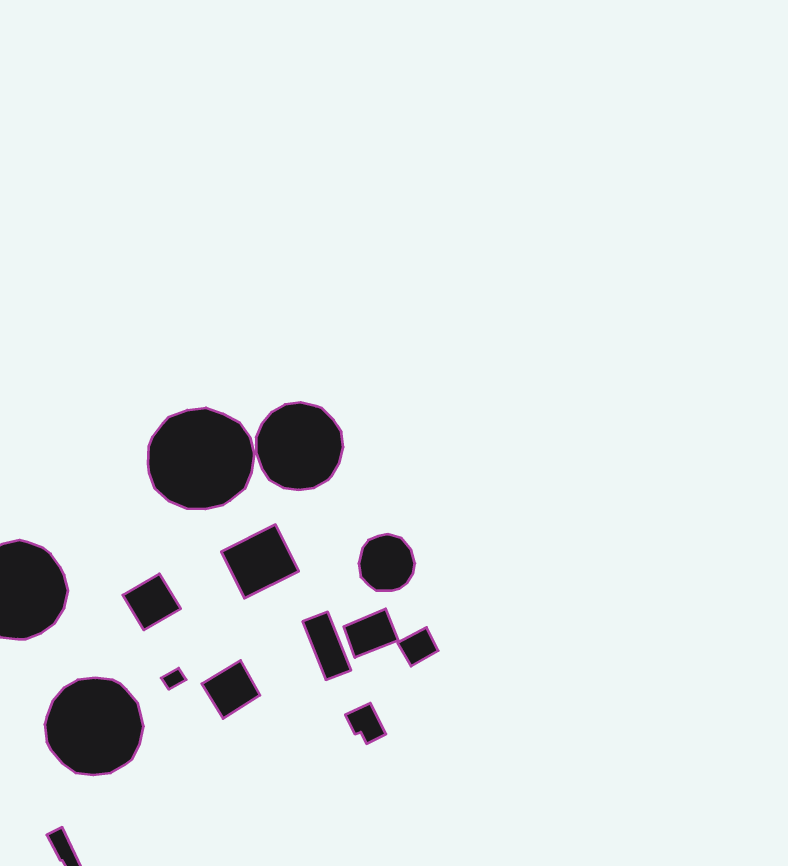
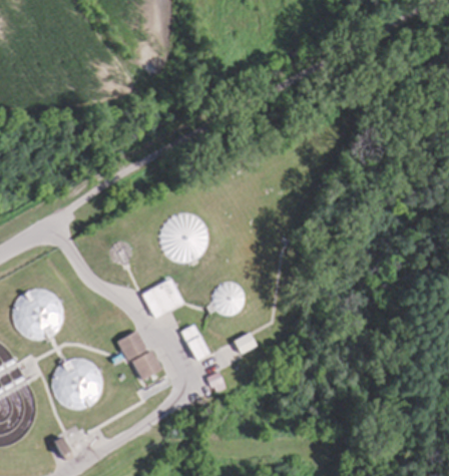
building: [148,408,254,509] -> none
building: [123,574,181,630] -> [117,331,147,360]
building: [344,609,398,658] -> none

